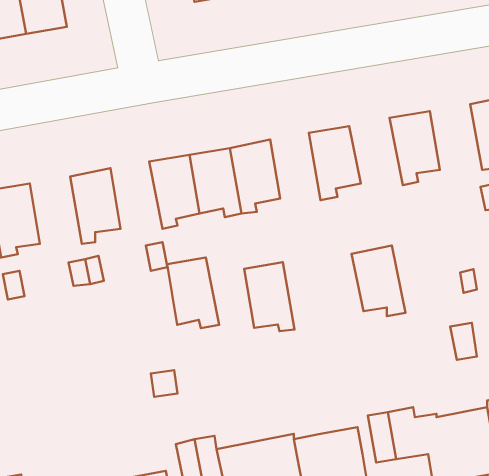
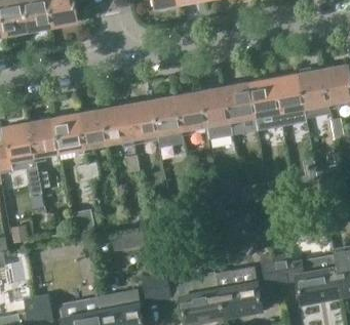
building: none -> [298,71,329,113]
building: none -> [53,115,85,158]
building: [352,245,405,316] -> [248,79,281,122]
building: [167,258,219,328] -> [103,106,134,149]
building: [244,262,295,331] -> [200,88,231,130]

